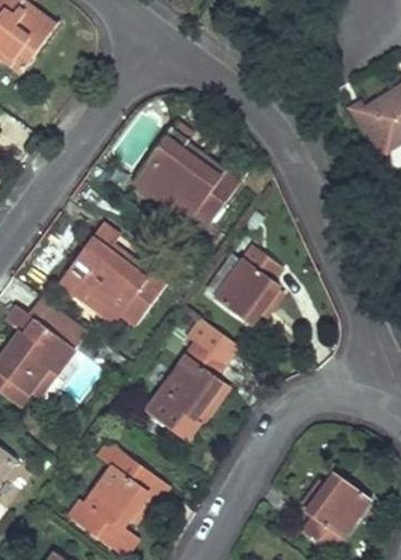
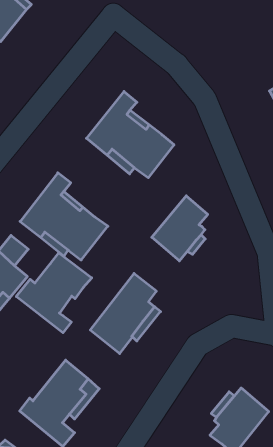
building: none -> [16,253,92,333]

